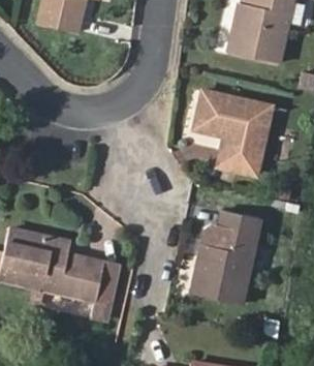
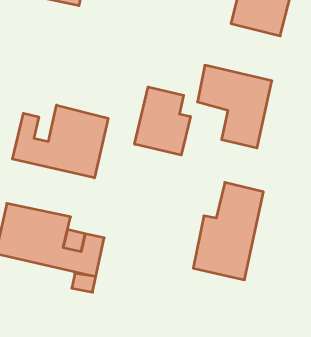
building: none -> [135,87,190,155]
building: none -> [12,105,108,178]

